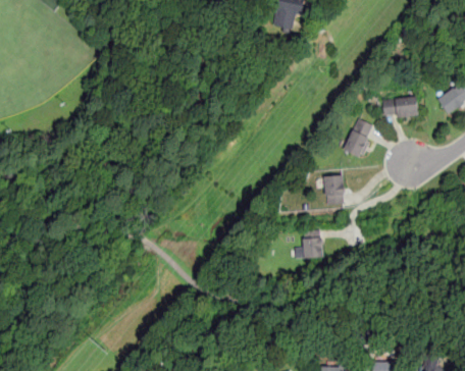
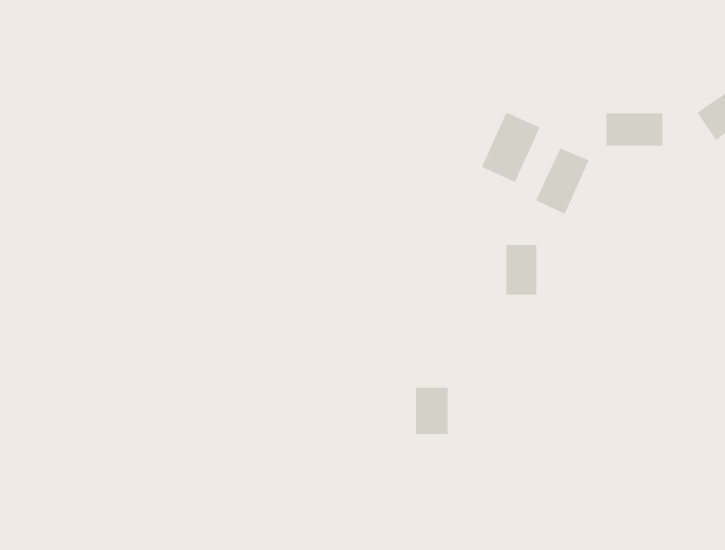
building: none -> [481,112,540,183]
building: [302,229,321,257] -> [415,387,448,435]

